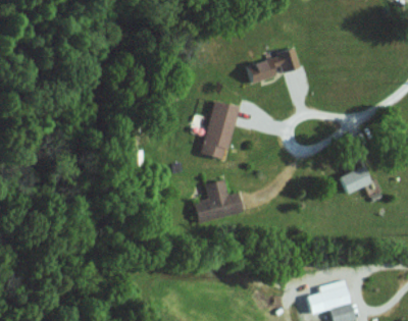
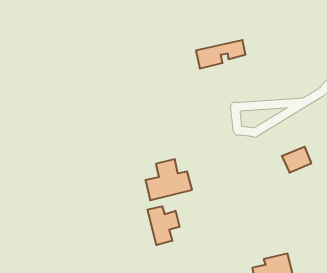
building: [201,100,239,159] -> none
building: none -> [148,206,179,245]

